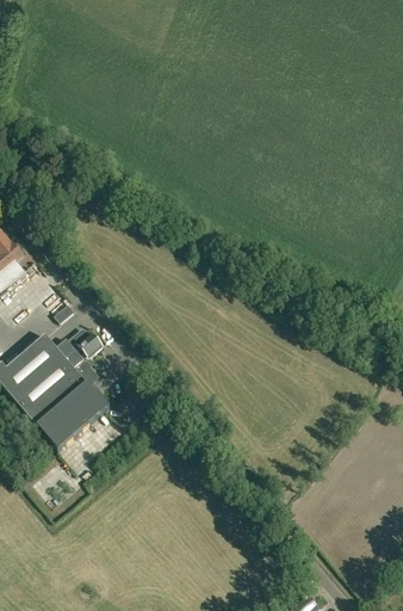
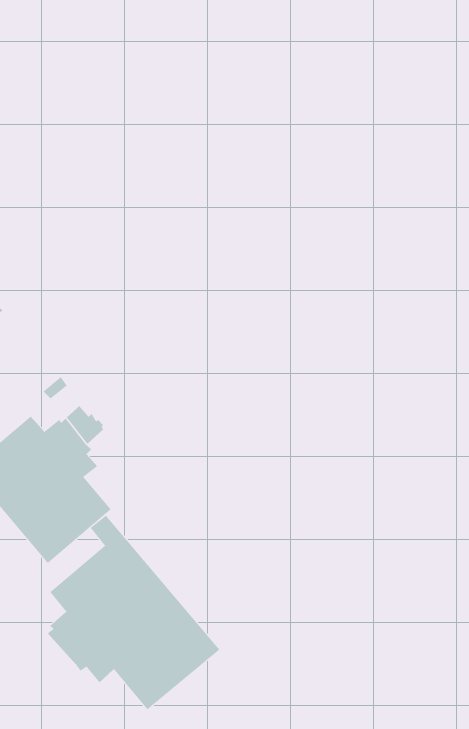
building: none -> [47,515,220,710]

